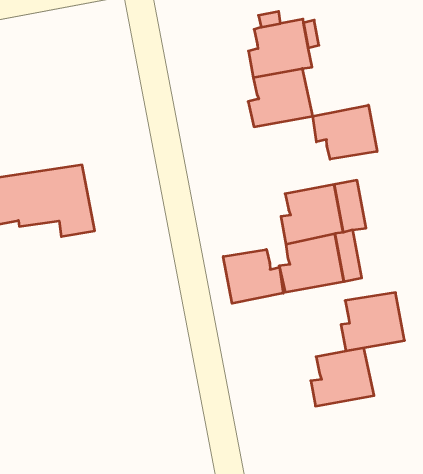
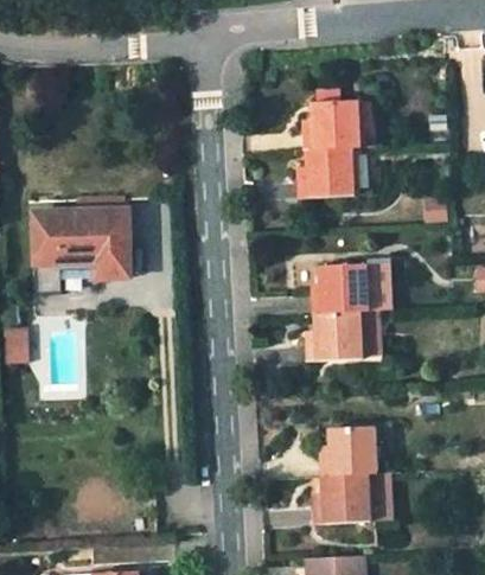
building: [313,105,377,159] -> none
building: [223,249,283,303] -> none
building: [341,293,405,351] -> [313,474,372,524]

